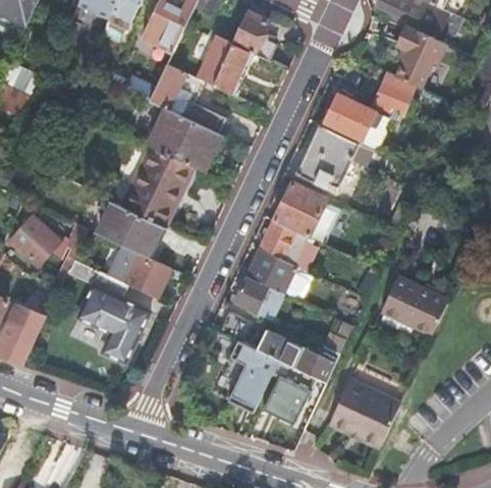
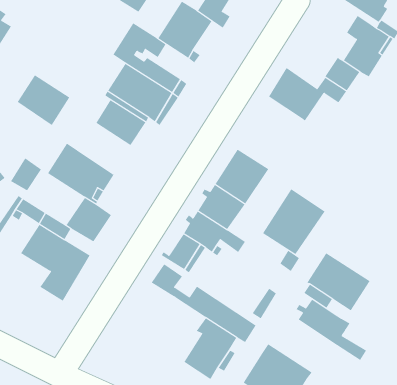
building: [293,122,357,191] -> [262,189,325,255]
building: [126,171,181,222] -> [17,75,70,126]
building: none -> [296,299,367,361]
building: [227,342,280,414] -> none

